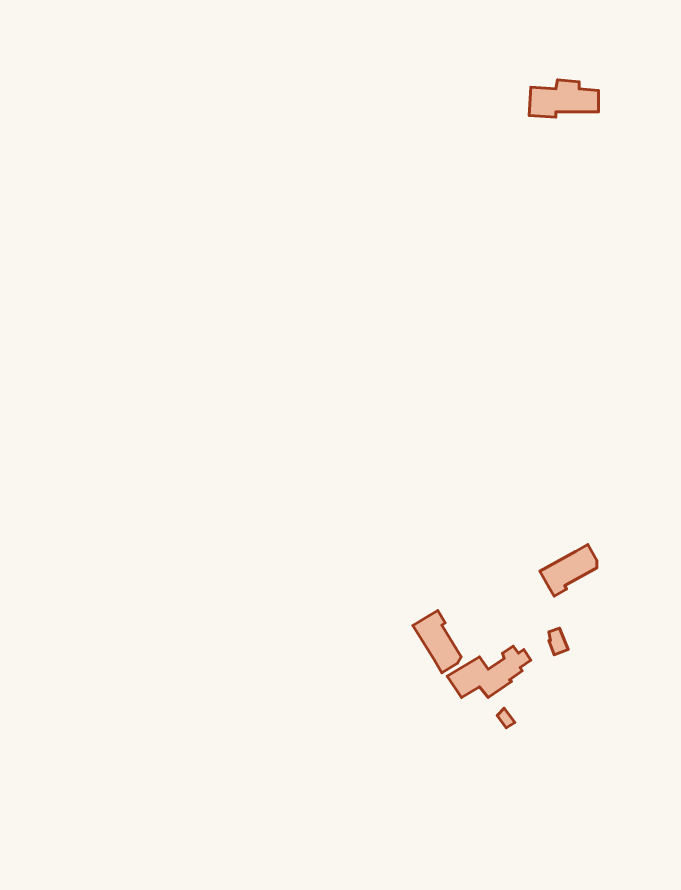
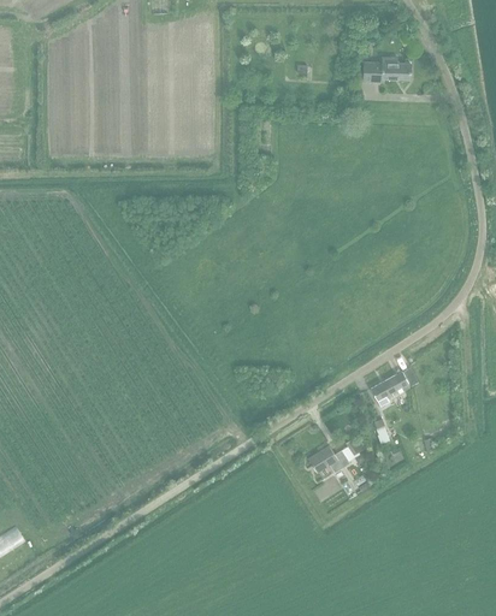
building: [413,611,461,673] -> none

